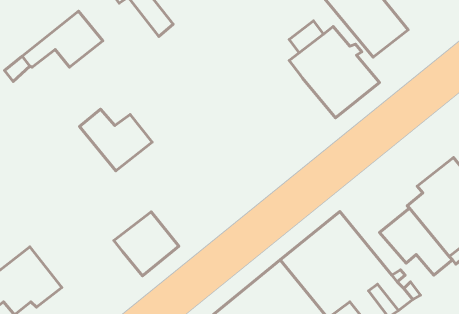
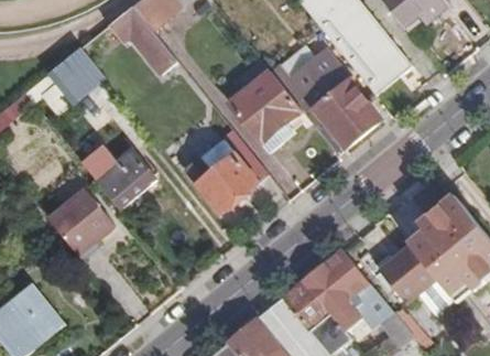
building: none -> [229,72,302,152]
building: none -> [185,132,268,214]
building: [114,212,179,276] -> [48,190,113,253]

